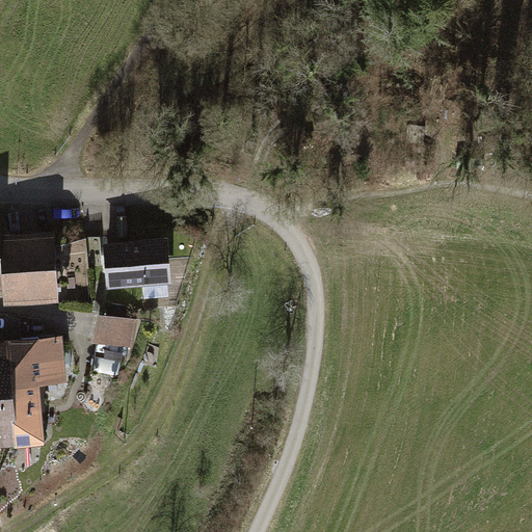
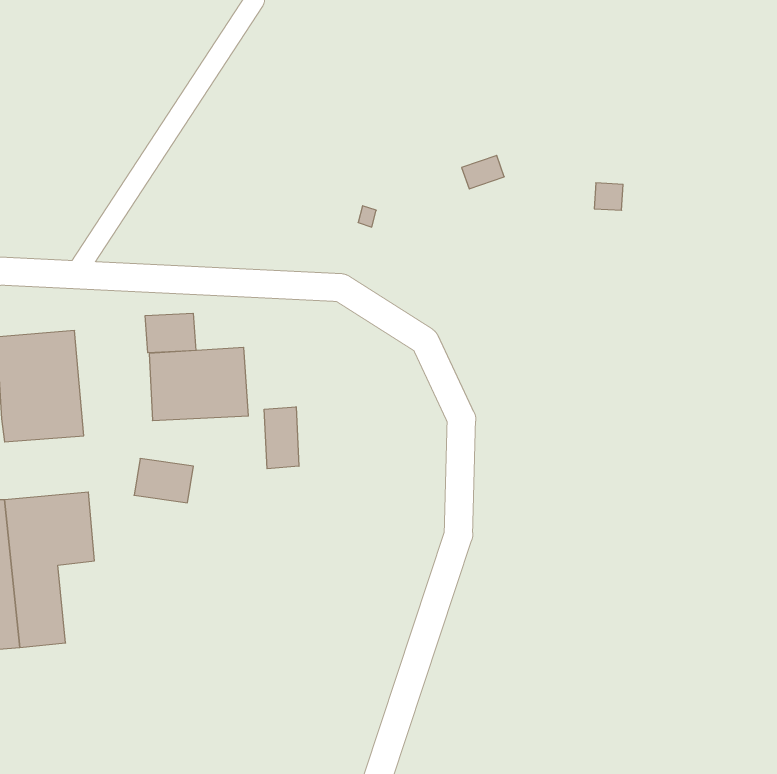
building: none -> [145,313,196,353]
building: none -> [264,407,299,469]

